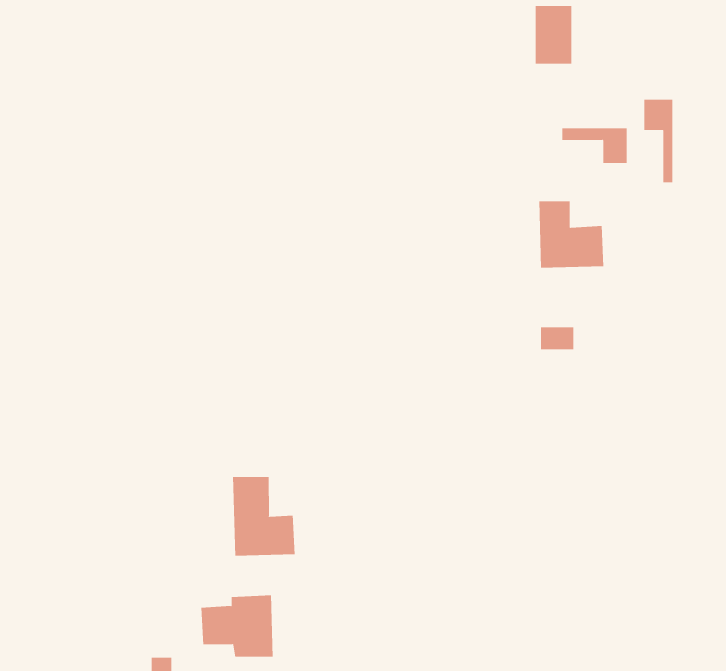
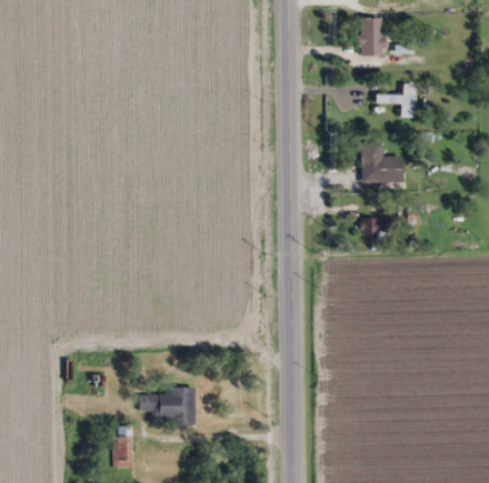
building: [644,99,673,183] -> none
building: [233,476,295,557] -> none

